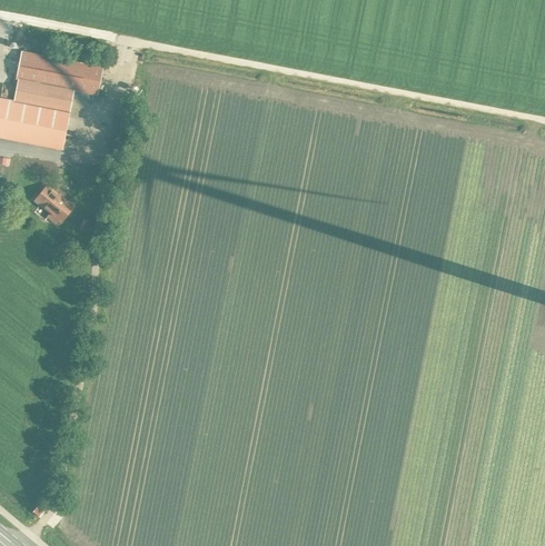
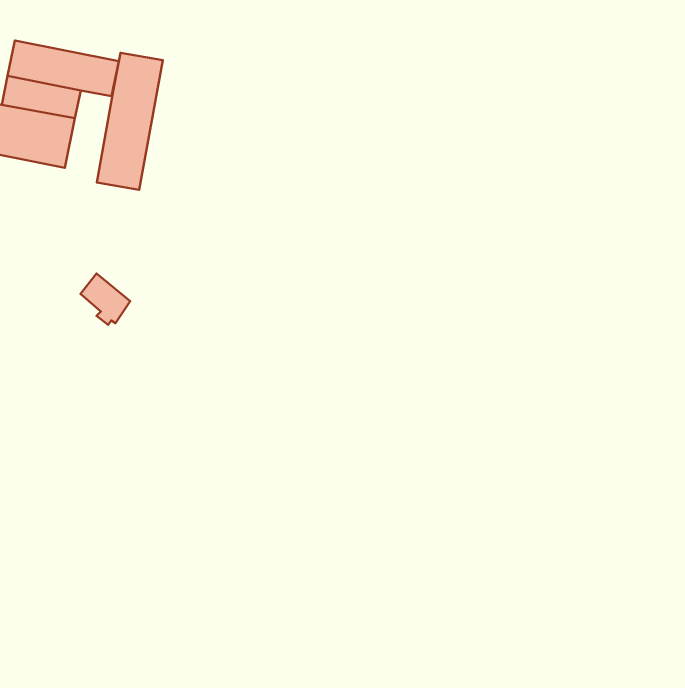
building: none -> [97,53,163,190]
building: [33,185,71,224] -> [80,273,130,325]

